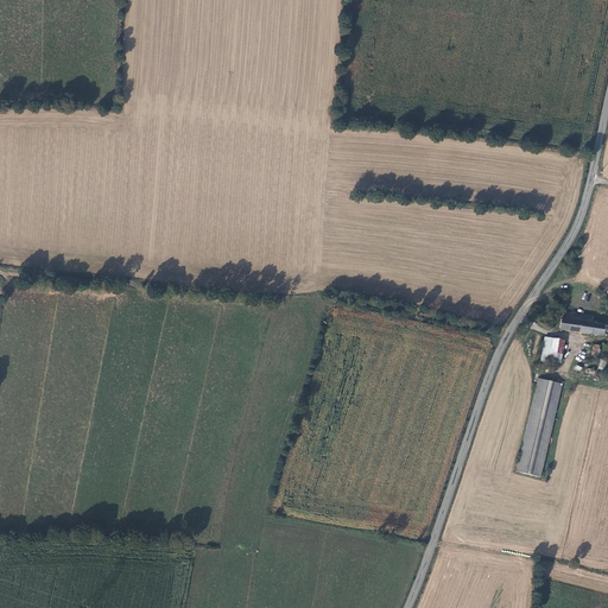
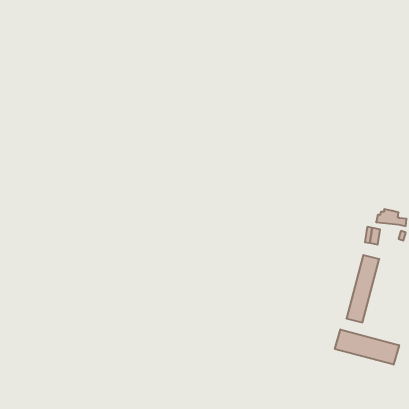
building: none -> [335,329,399,365]

